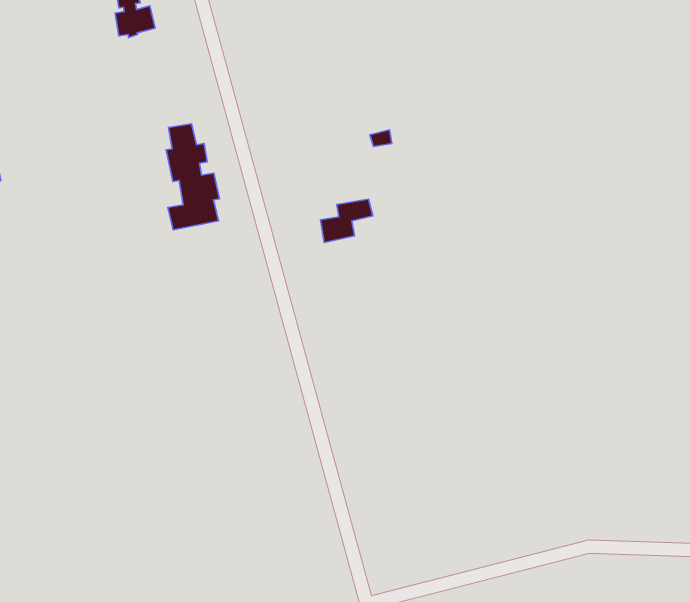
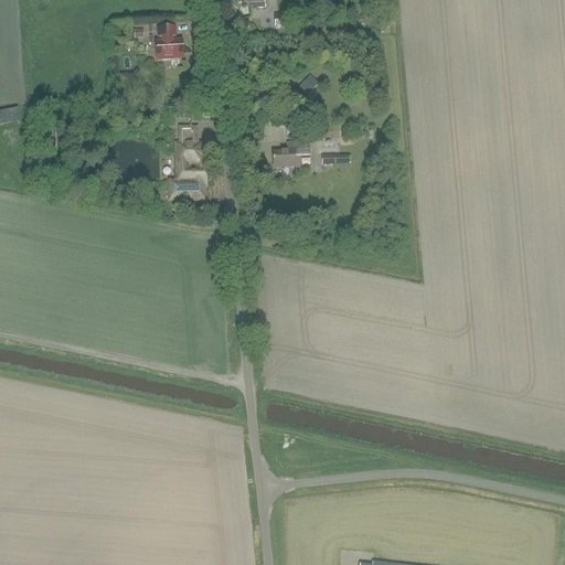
building: [320,199,373,243] -> [273,141,310,167]

